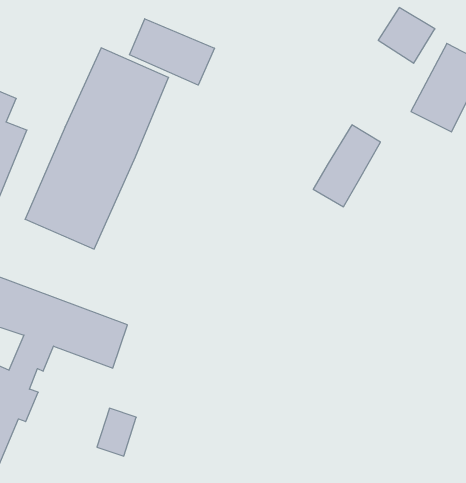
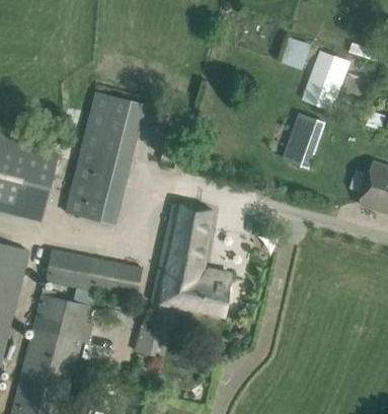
building: [129,19,214,85] -> none
building: [313,125,380,207] -> [287,115,325,168]
building: none -> [153,204,230,317]

